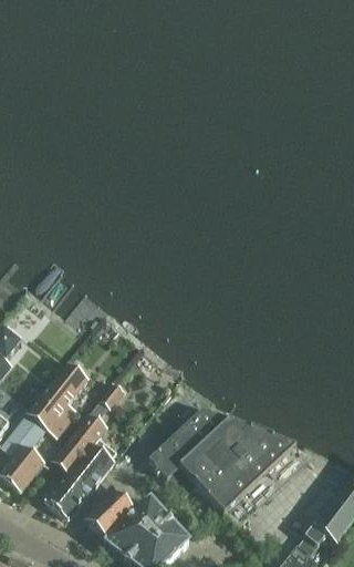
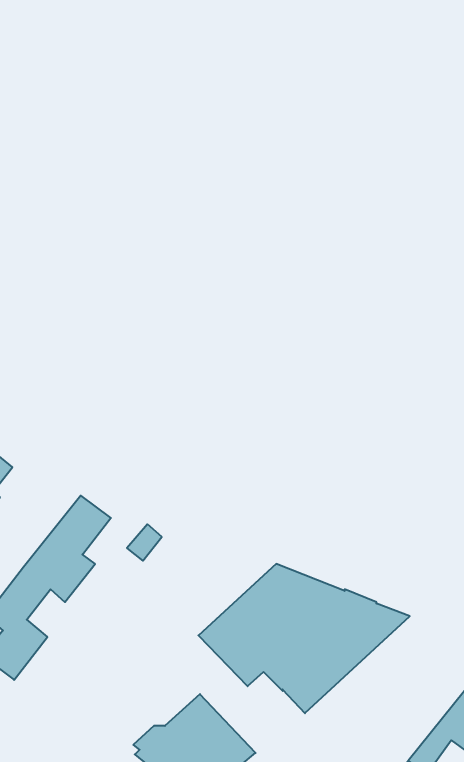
building: [46,411,115,517] -> none
building: [85,492,133,535] -> none

